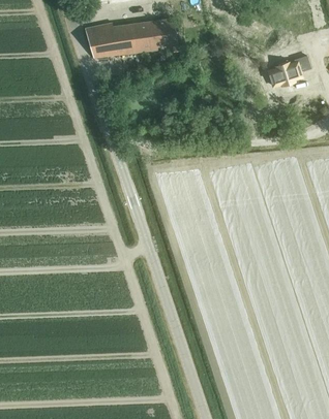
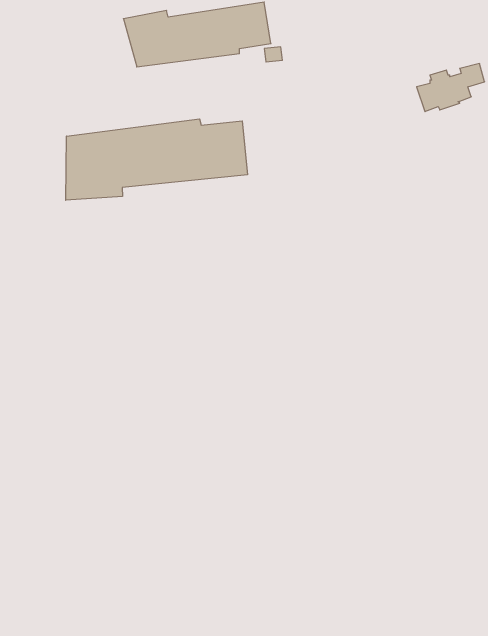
building: none -> [66,119,247,200]

